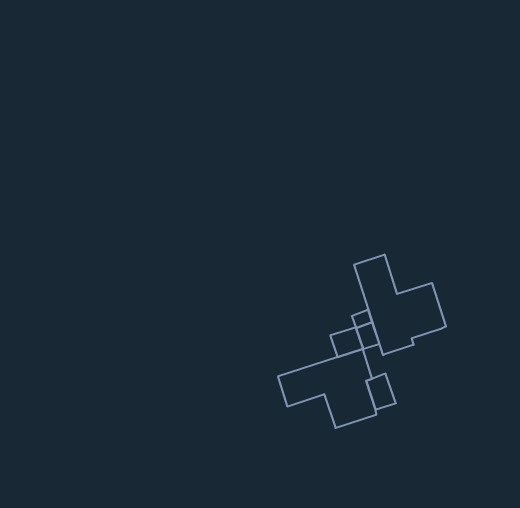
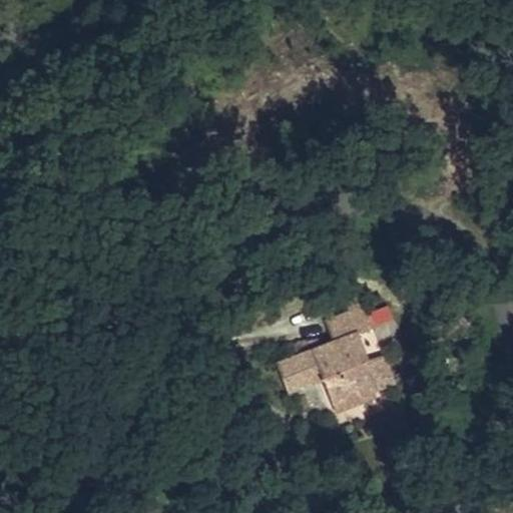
building: [354,254,446,355] -> none

